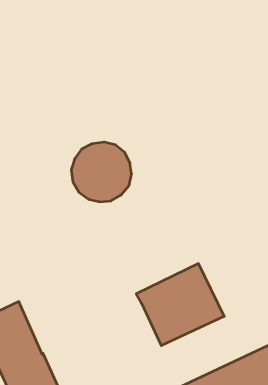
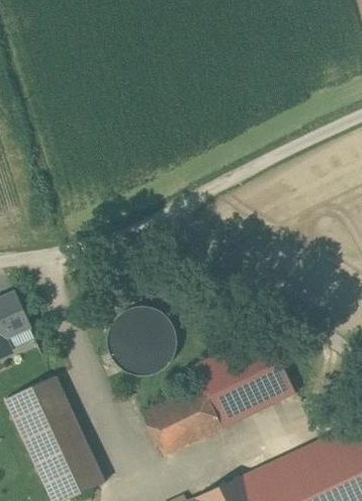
building: [71,142,132,202] -> [109,303,180,372]
building: none -> [141,380,222,457]

